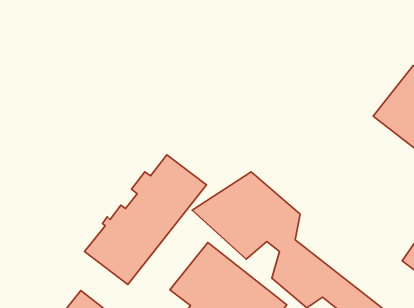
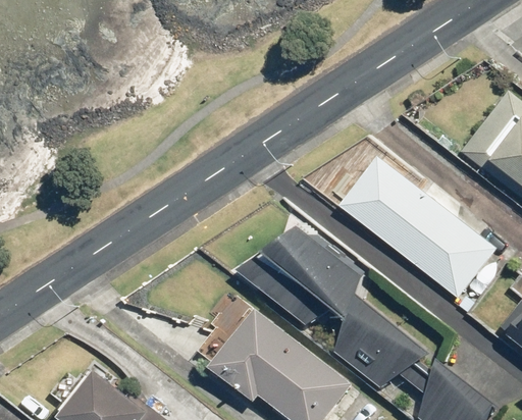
building: none -> [337,155,494,299]
building: [84,155,206,285] -> none

